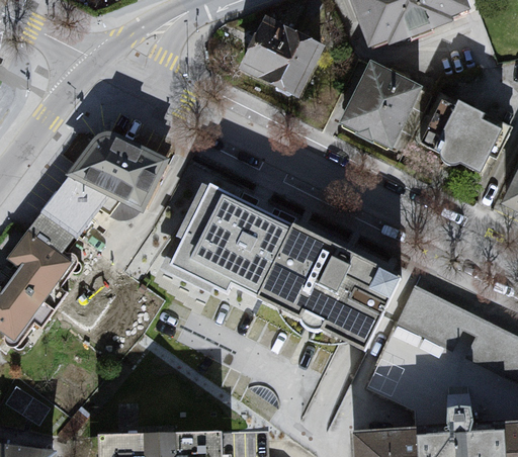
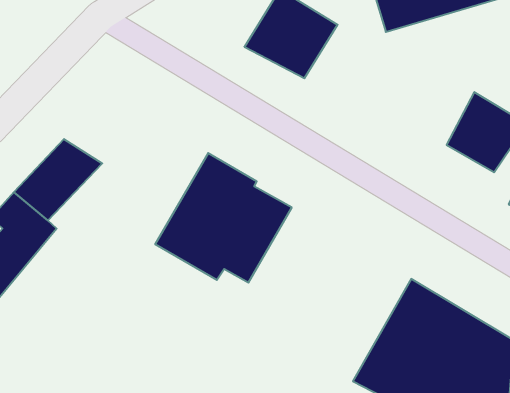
building: [338,61,421,150] -> none
building: [72,135,169,212] -> none
building: [259,223,403,349] -> none

